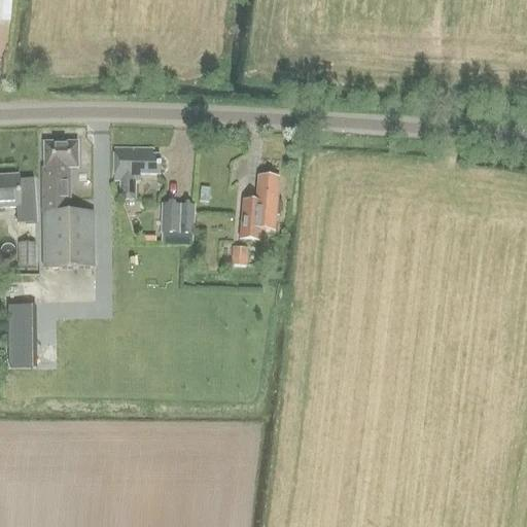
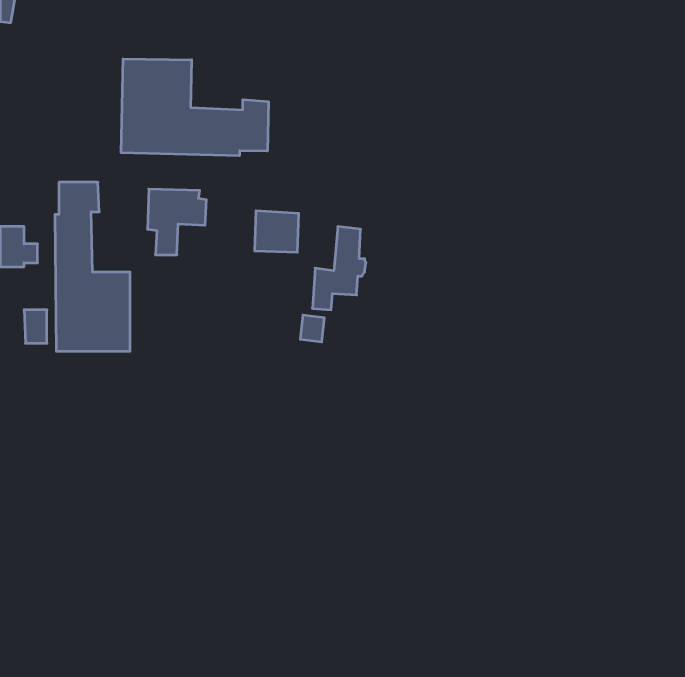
building: none -> [121,59,268,156]
building: [162,199,196,231] -> [255,211,299,252]
building: [9,303,31,364] -> none

